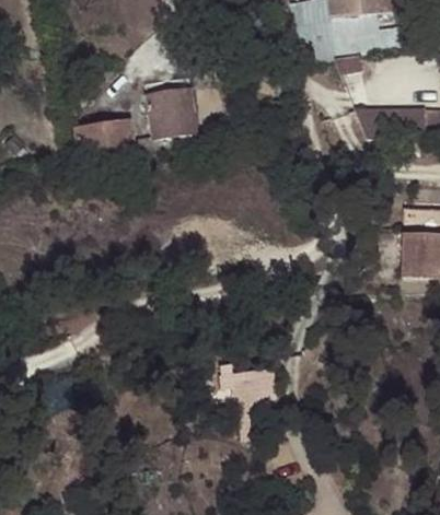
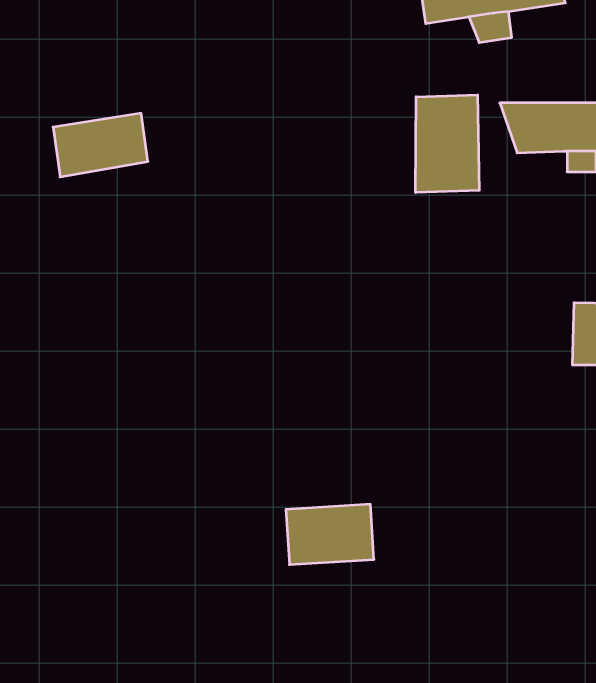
building: [147,85,197,136] -> none
building: none -> [416,95,479,193]

